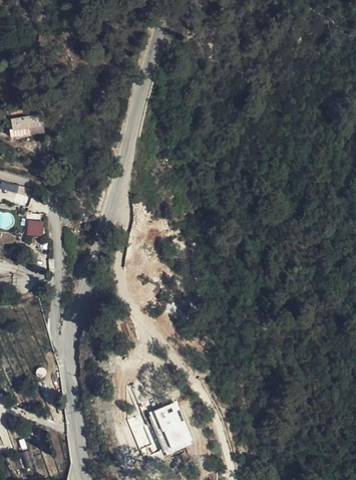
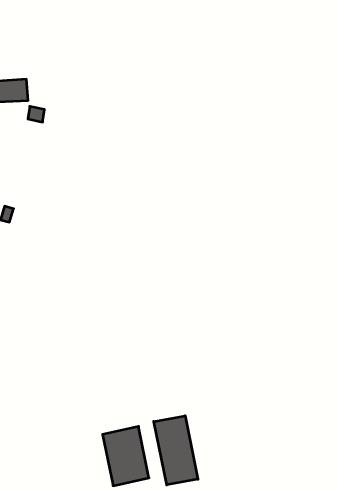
building: none -> [154,416,198,485]

